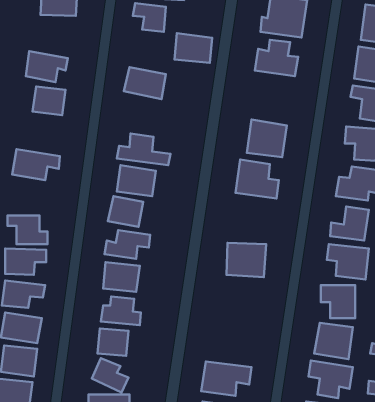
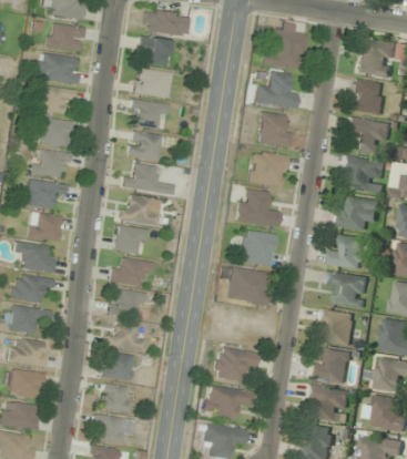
building: none -> [39,54,78,83]
building: [175,33,212,63] -> [134,69,171,98]
building: none -> [258,113,292,147]
building: none -> [129,132,161,160]
building: none -> [32,150,69,177]
building: none -> [29,213,62,241]
building: none -> [243,232,275,265]
building: none -> [216,348,258,382]

